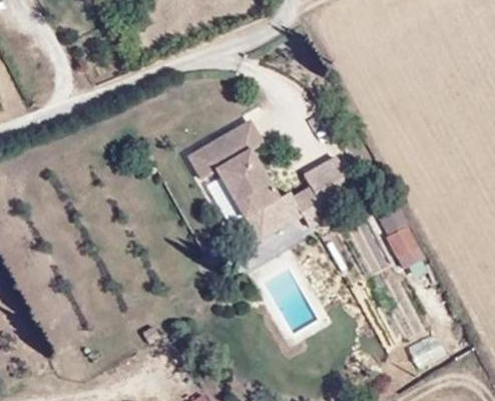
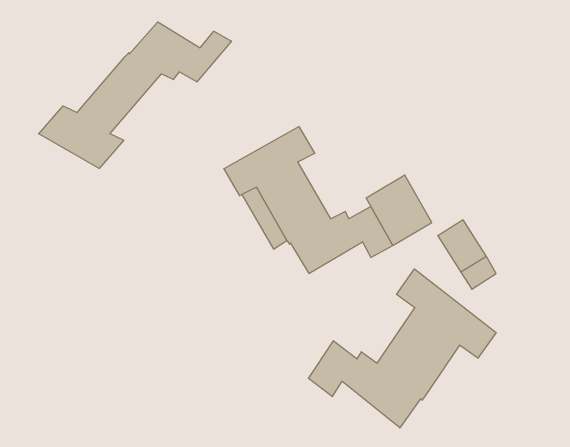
building: none -> [39,22,231,168]
building: none -> [308,269,496,428]

